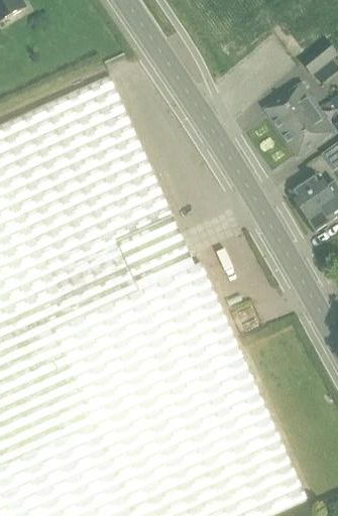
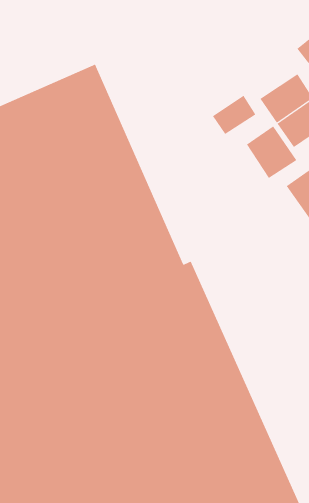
building: none -> [212,95,256,135]
building: none -> [246,125,297,179]

